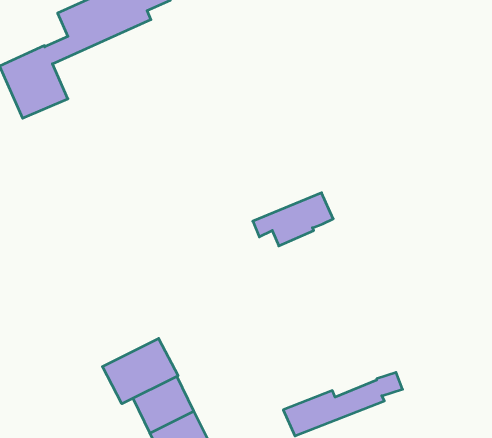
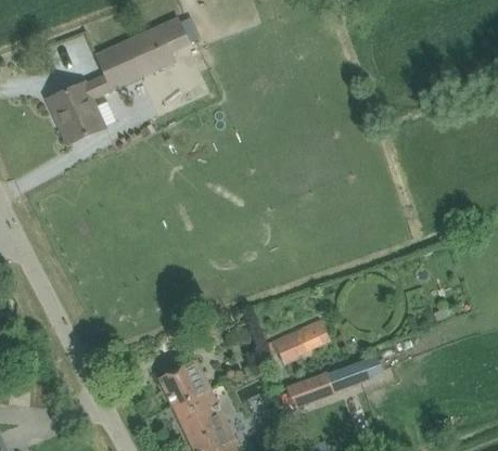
building: [253,193,333,246] -> [261,320,329,364]
building: [102,338,178,404] -> none

